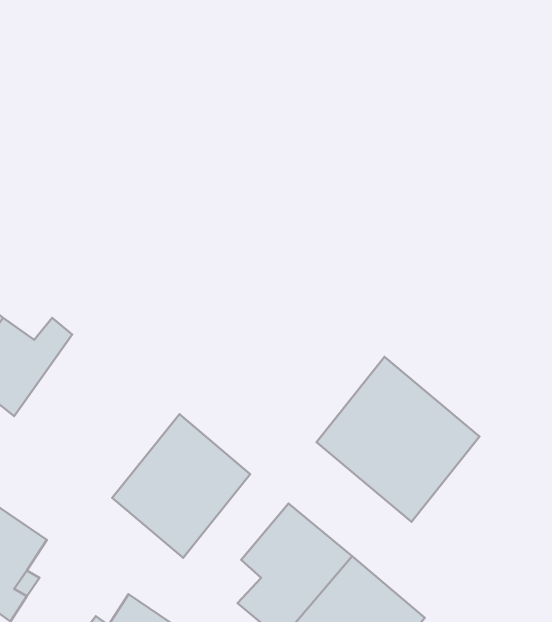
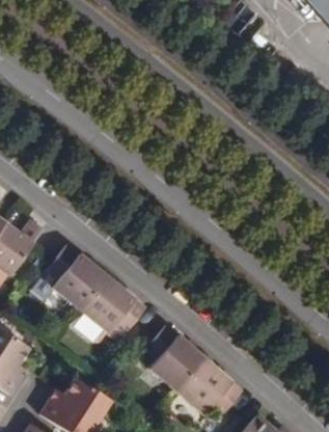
building: [316,357,480,522] -> none
building: none -> [40,243,105,321]

